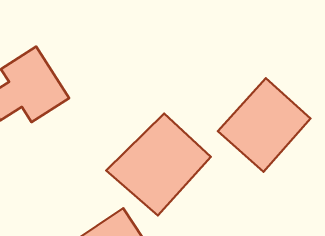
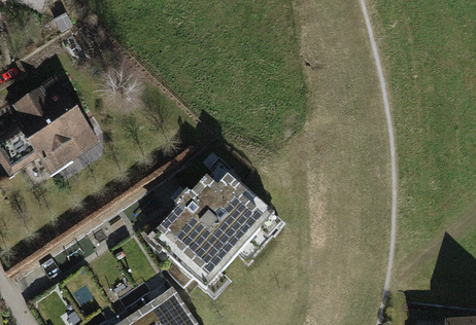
building: [218,78,311,172] -> none

